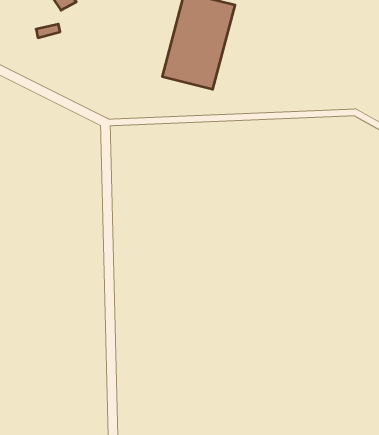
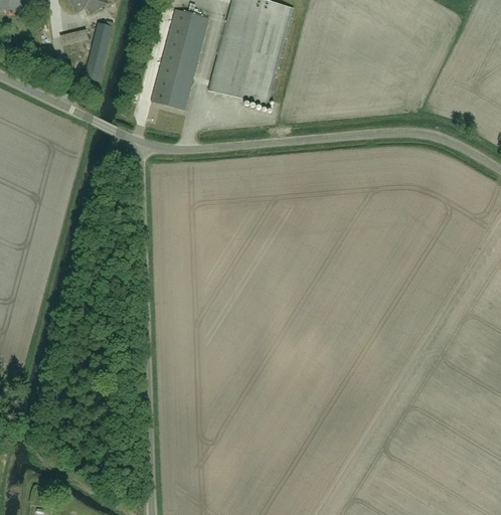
building: none -> [151,8,209,109]
building: none -> [85,21,113,80]

